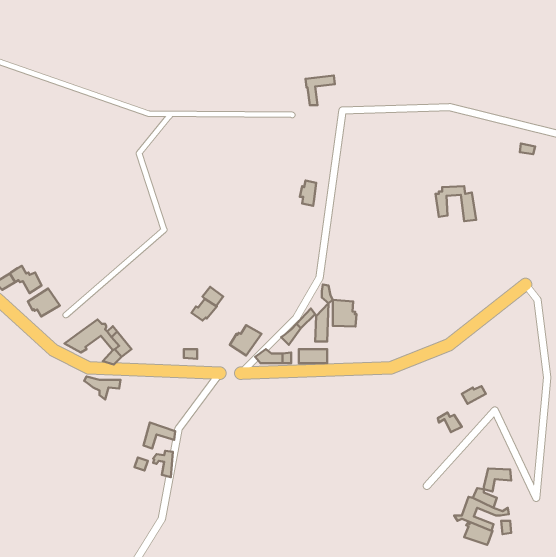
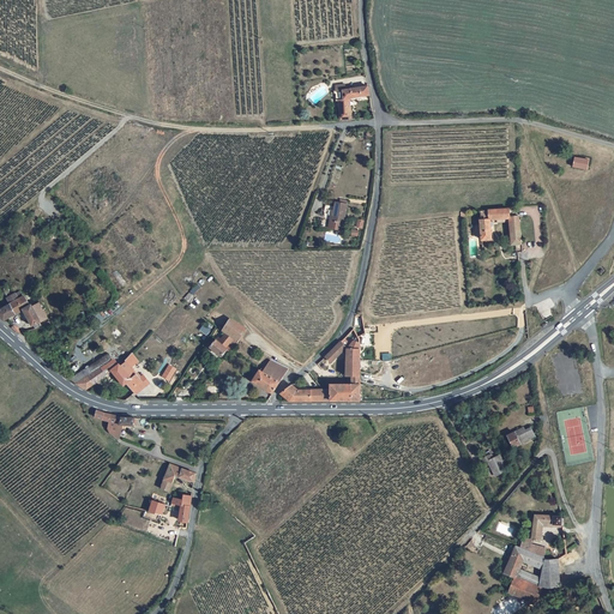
building: [28,288,60,316] -> none
building: [333,300,357,326] -> none

